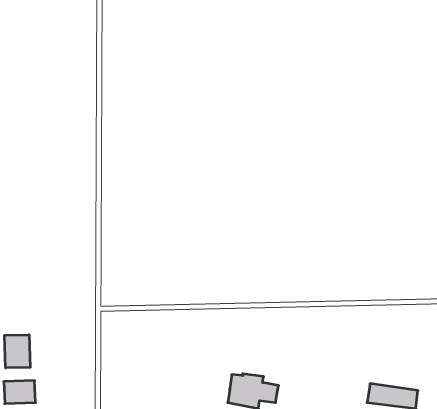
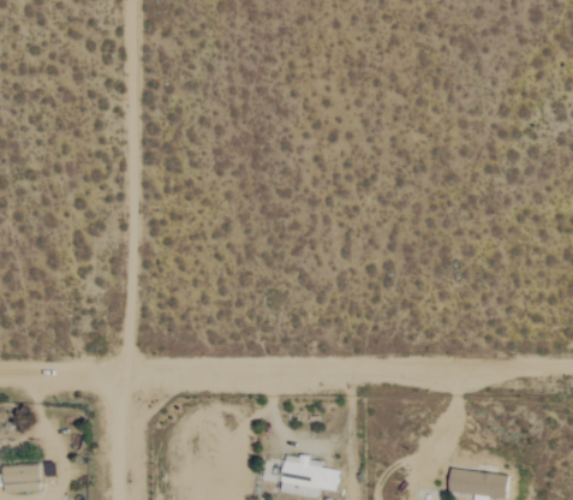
building: [5,335,30,368] -> none

